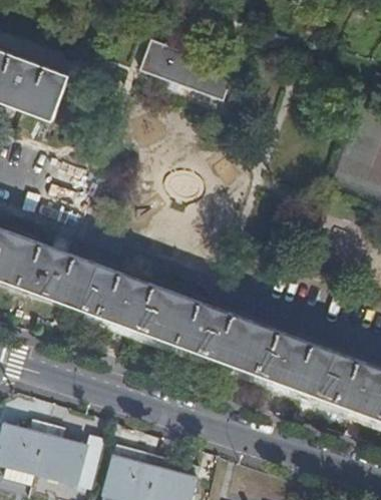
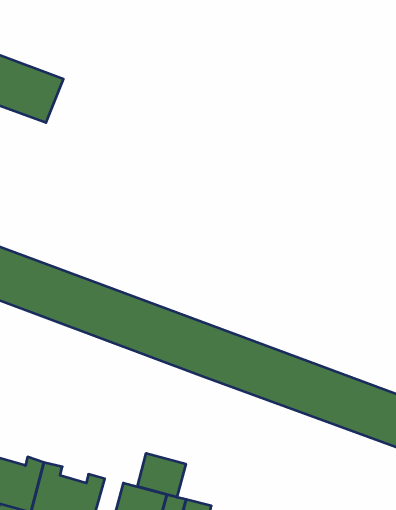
building: [137,40,233,101] -> none
building: none -> [137,453,186,497]

